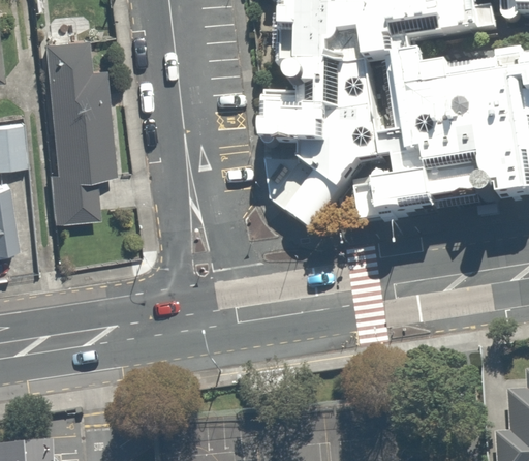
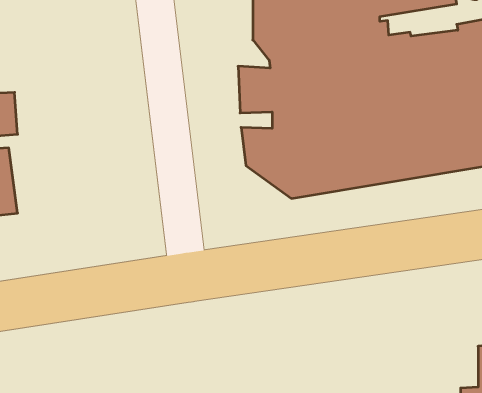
building: [40,32,124,220] -> none

